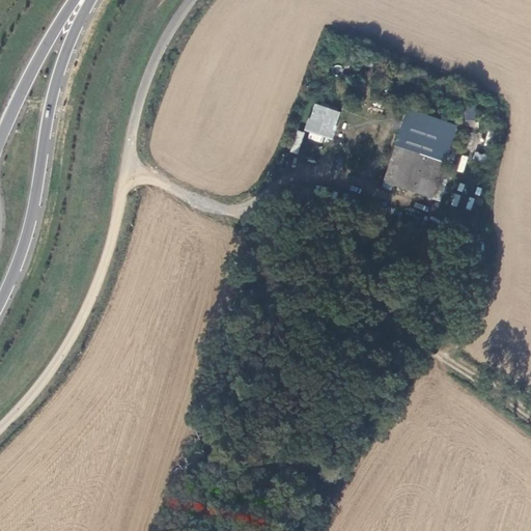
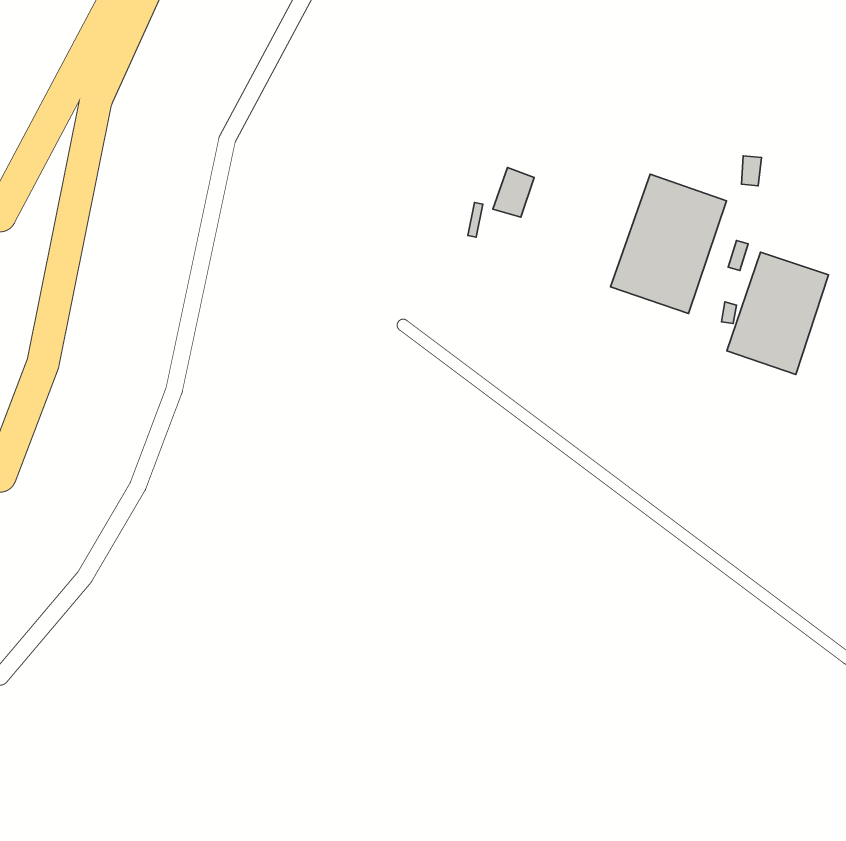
building: none -> [727,252,828,374]

